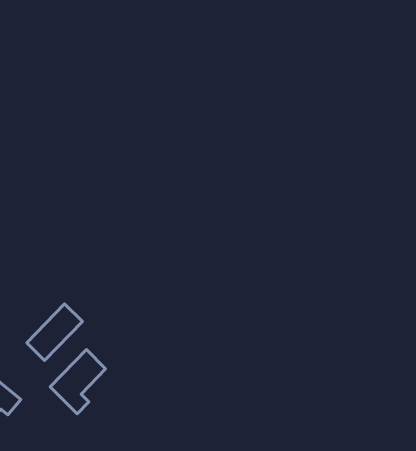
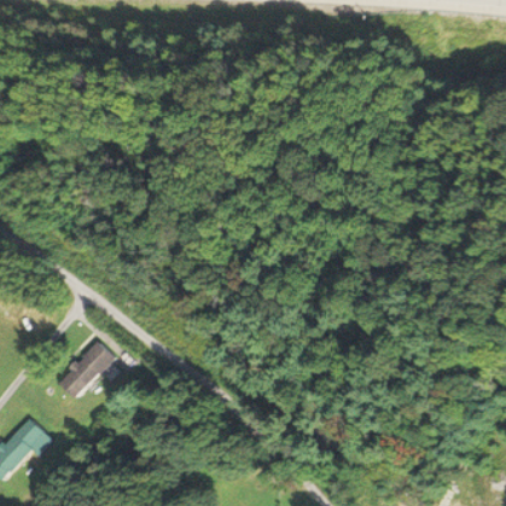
building: [50,349,106,414] -> none

